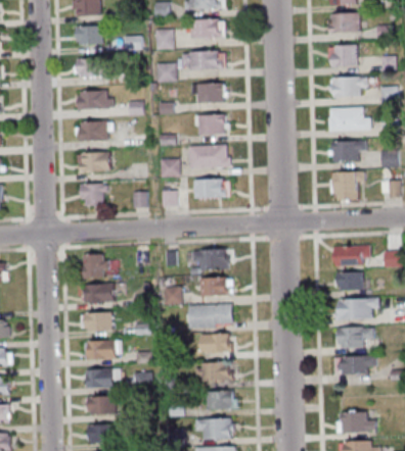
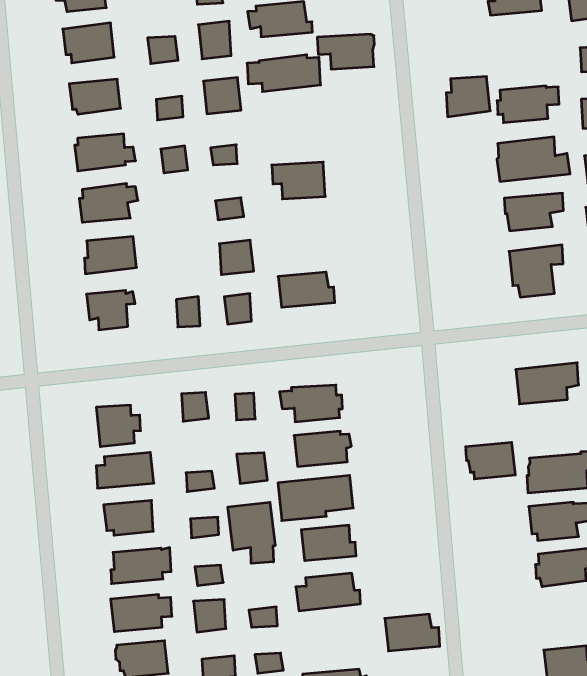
building: [331,47,357,69] -> [446,77,490,117]
building: [191,86,225,105] -> [317,34,374,69]
building: [189,147,231,171] -> none
building: [334,270,363,291] -> [466,442,515,479]
building: none -> [228,502,275,563]
building: [205,390,236,410] -> [385,614,440,651]

